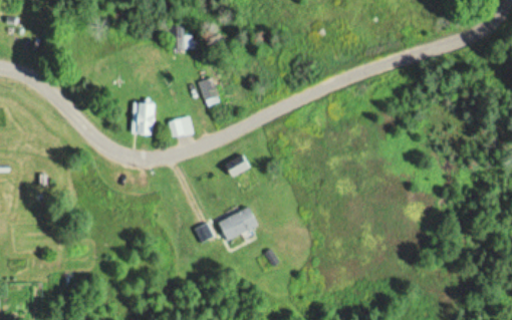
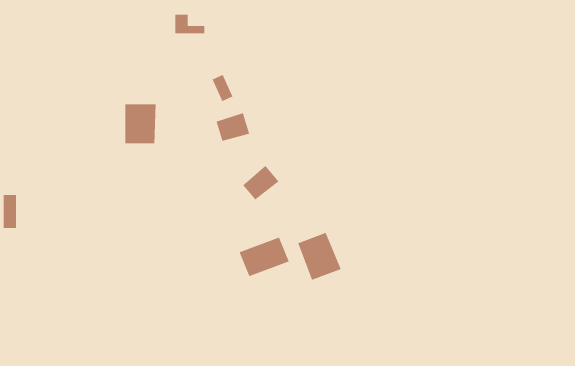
building: [167,115,194,138] -> [215,112,250,142]
building: none -> [297,232,342,281]

